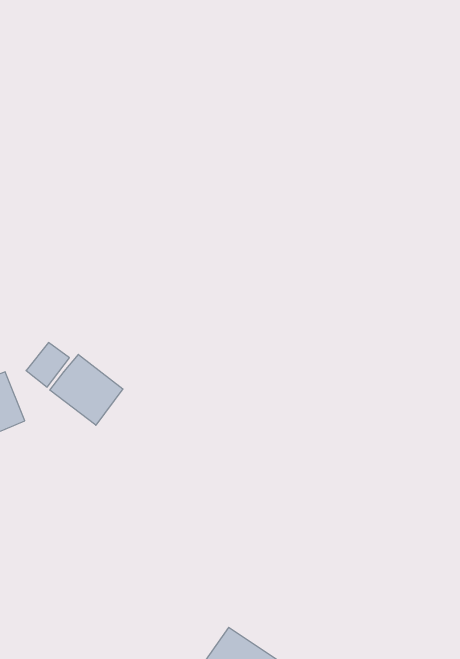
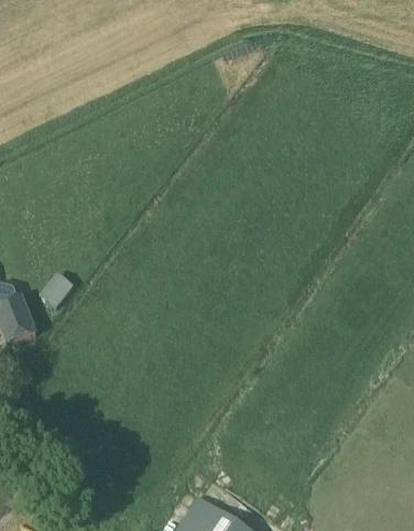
building: [50,354,123,425] -> none

